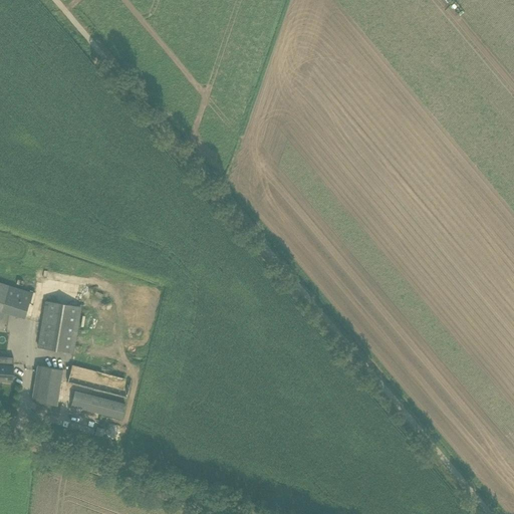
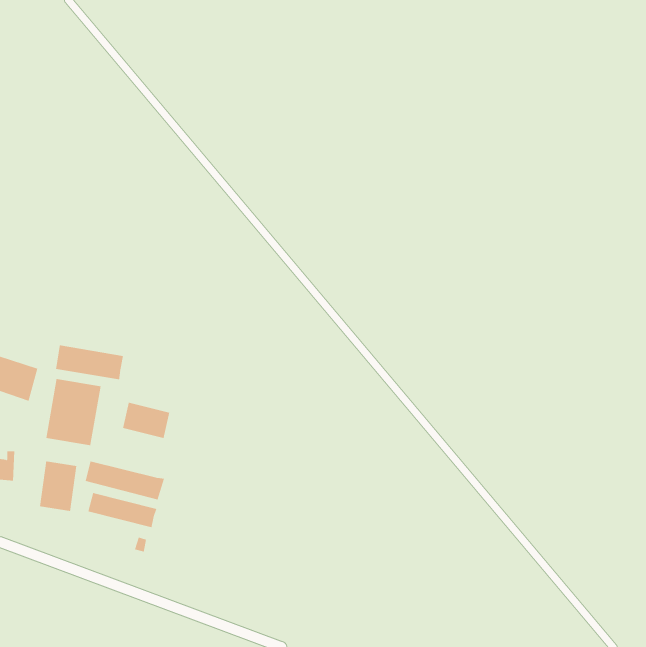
building: none -> [55,345,124,380]
building: none -> [122,402,170,439]

